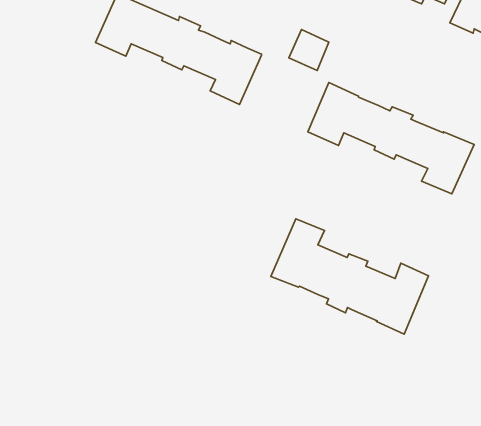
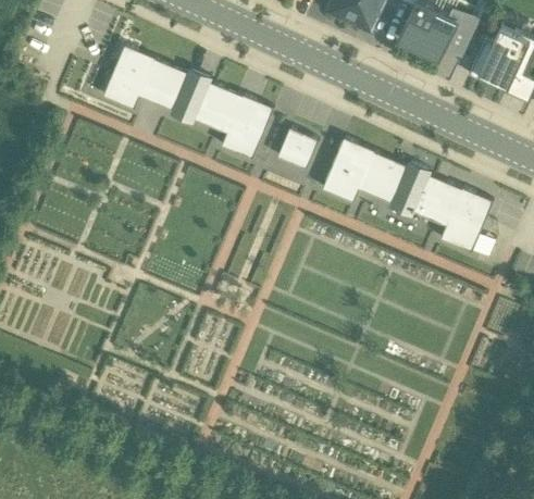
building: [289,29,329,70] -> [276,126,318,169]
building: [271,219,429,334] -> none

